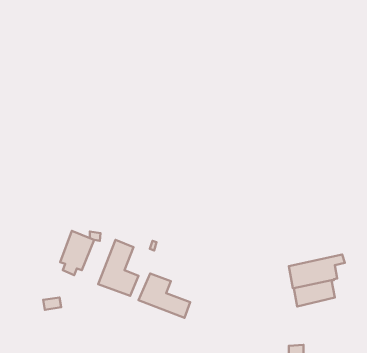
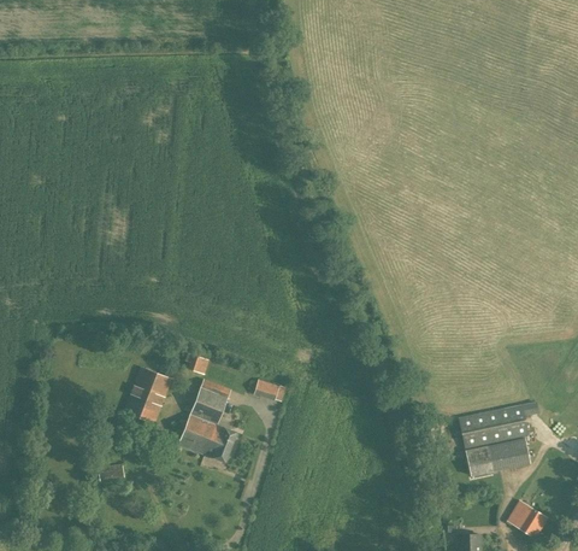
building: [139,273,190,318] -> none
building: none -> [507,499,548,538]

